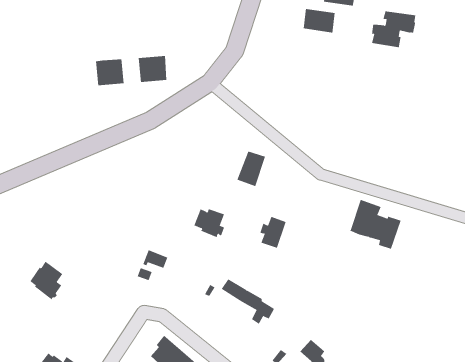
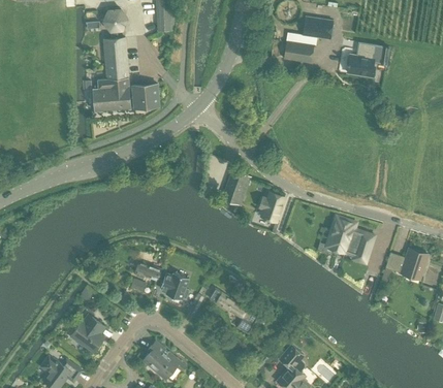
building: none -> [97,37,130,109]
building: [194,209,225,238] -> [159,272,188,299]
building: [259,216,286,249] -> [259,191,284,221]
building: none -> [380,249,428,282]
building: [30,261,63,300] -> [72,315,103,351]

